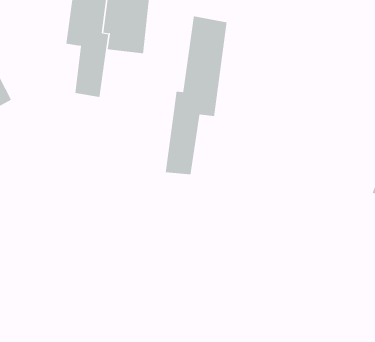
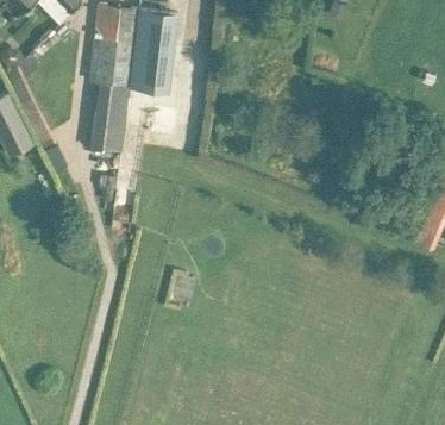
building: [165,15,227,175] -> none

